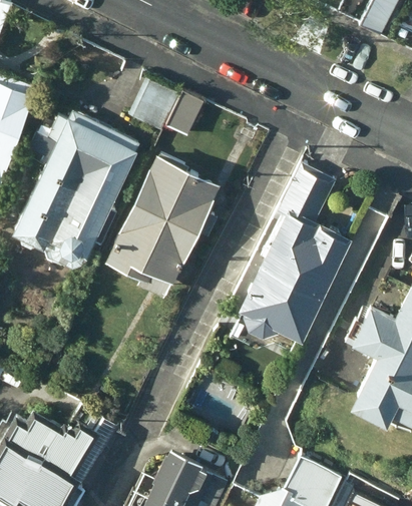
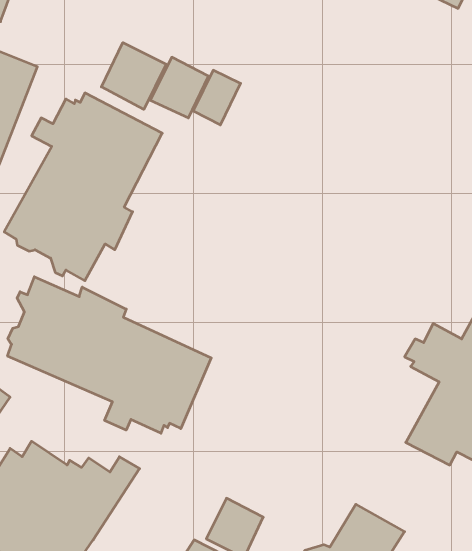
building: none -> [101,43,166,109]
building: [103,154,220,295] -> none
building: [231,164,353,355] -> none
building: none -> [8,277,211,433]

